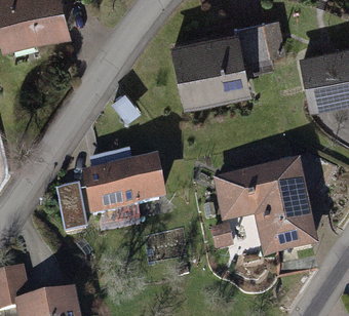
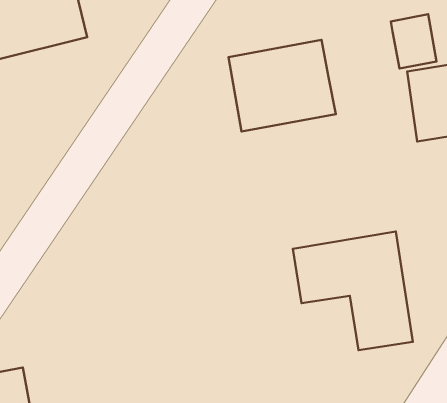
building: [239,21,272,60] -> [391,14,437,69]
building: [87,152,165,219] -> none
building: [57,183,87,230] -> none

